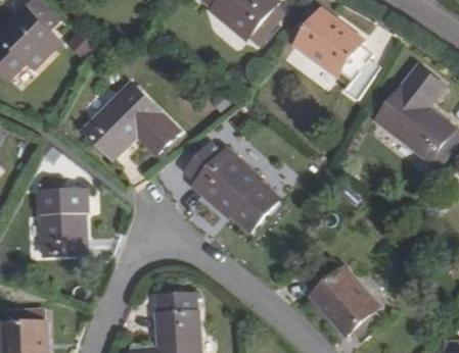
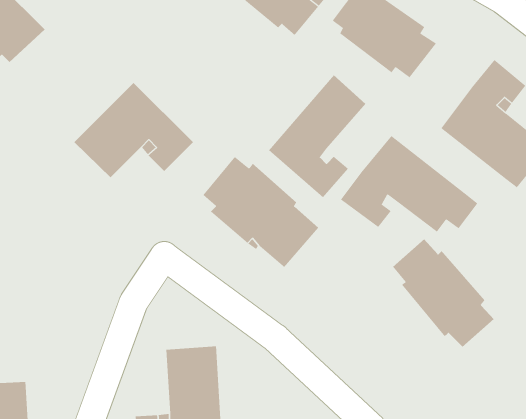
building: none -> [268,75,366,198]
building: none -> [340,135,478,233]
building: [35,188,87,254] -> none
building: [302,256,383,343] -> [392,239,494,347]

